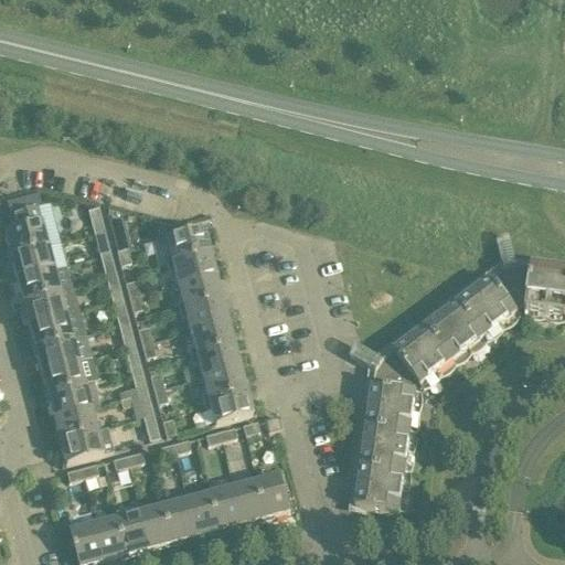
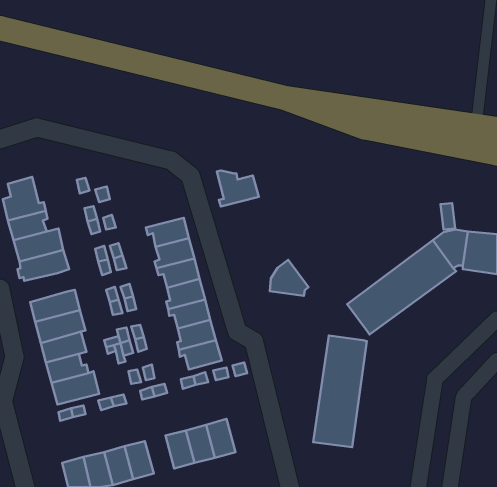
building: [161,217,209,258] -> [217,171,259,207]
building: [28,306,85,343] -> none
building: [373,345,417,386] -> [270,260,309,296]
building: [257,470,291,513] -> none
building: [164,494,198,537] -> none

